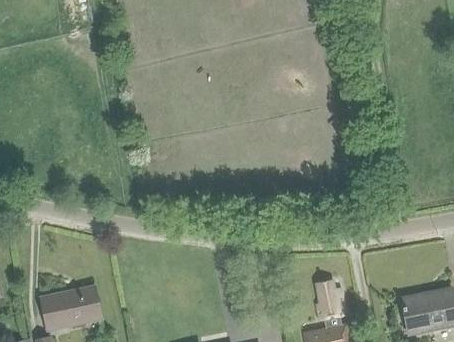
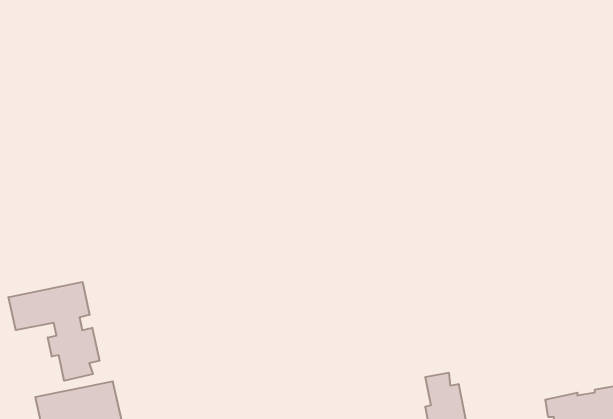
building: none -> [8,282,99,381]

